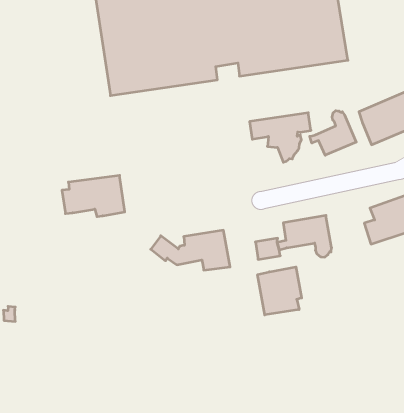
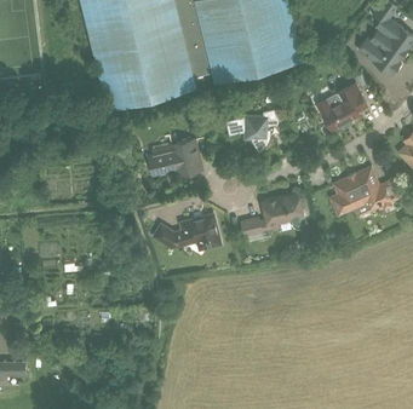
building: [310,111,356,155] -> none
building: [62,175,125,217] -> [147,139,201,175]
building: [258,267,302,315] -> none

